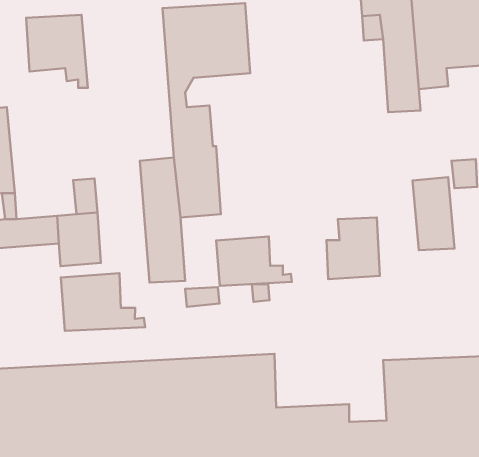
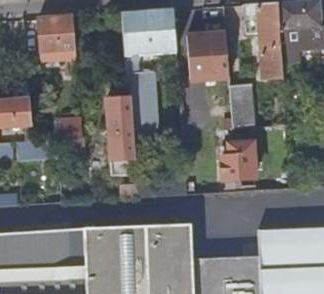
building: none -> [186,32,228,72]
building: [412,177,455,250] -> [229,82,255,127]
building: [216,236,292,286] -> none
building: [61,273,145,331] -> none

